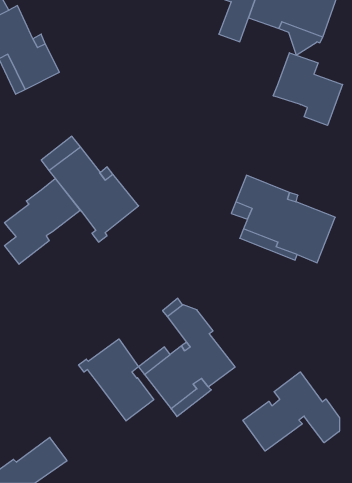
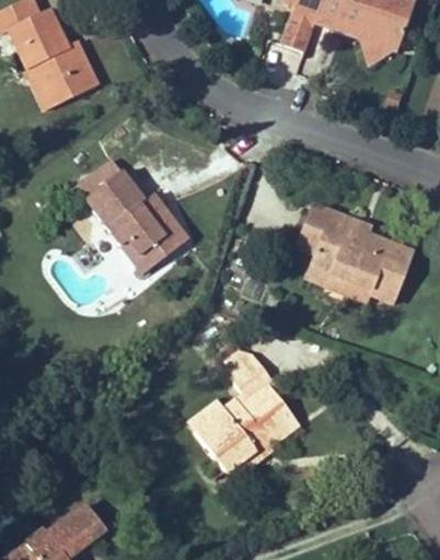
building: [273,53,343,125] -> none
building: [5,179,80,264] -> none
building: [79,339,154,421] -> none
building: [243,372,340,451] -> none

